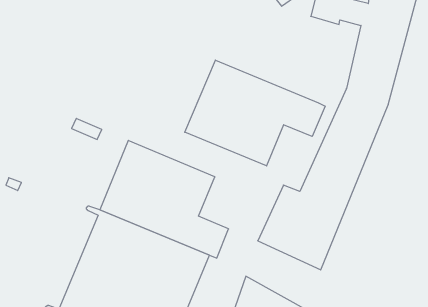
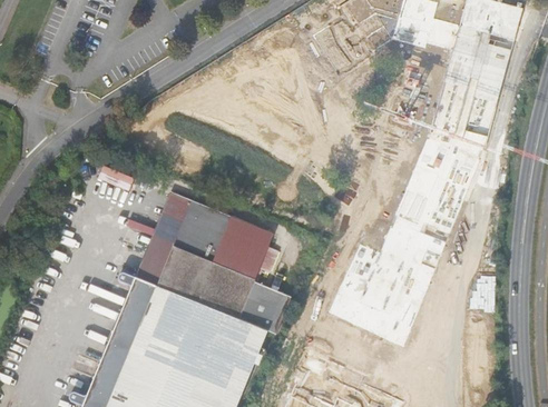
building: [185,60,325,166] -> none

